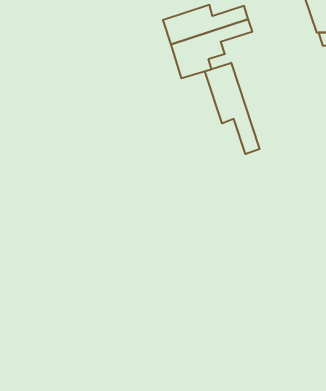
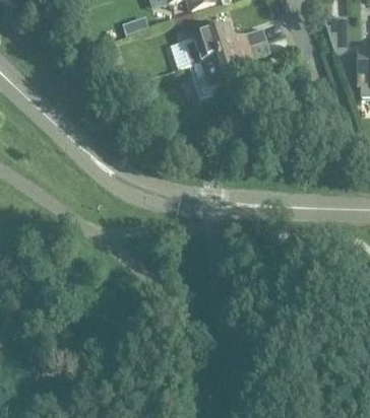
building: [205,63,260,154] -> none

